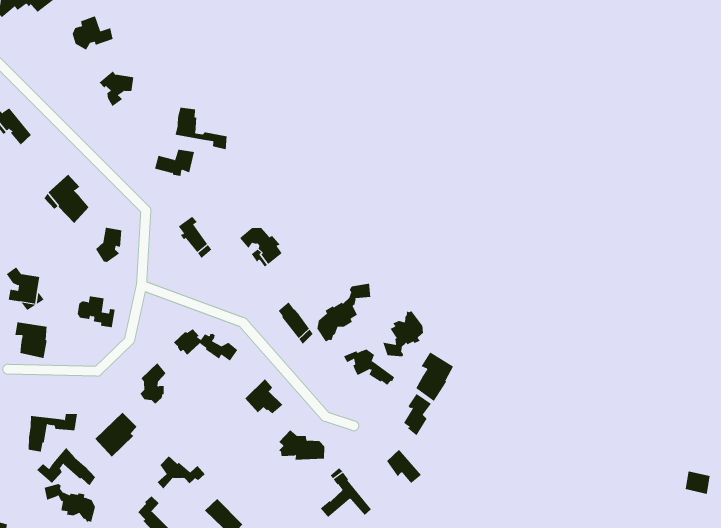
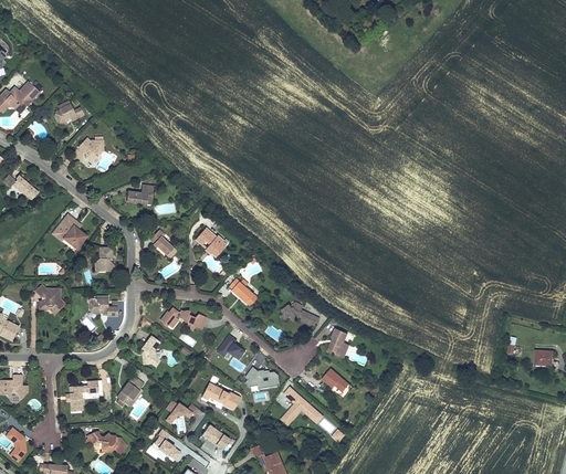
building: [175,107,227,150] -> none
building: [317,283,371,343] -> none
building: [383,310,423,357] -> none
building: [15,321,47,359] -> none
building: [416,351,454,402] -> none
building: none -> [201,382,241,410]
building: [36,447,96,486] -> none

